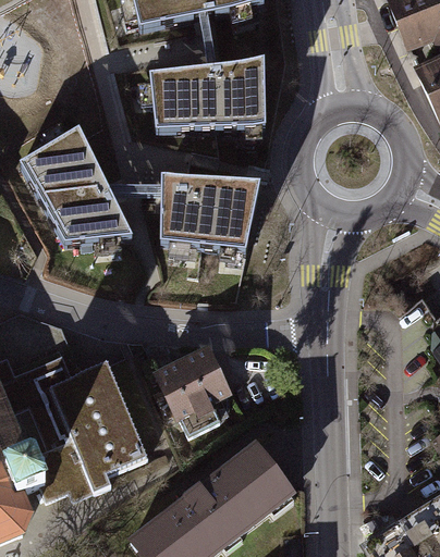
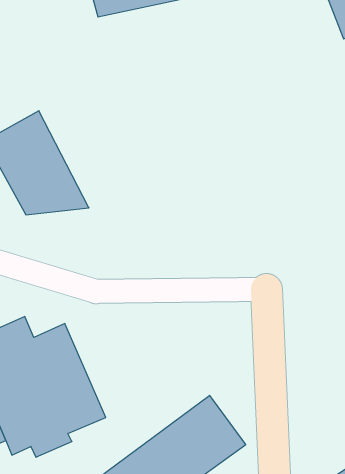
building: [148,57,265,125] -> none
building: [161,174,257,249] -> none
building: [156,354,239,425] -> none

